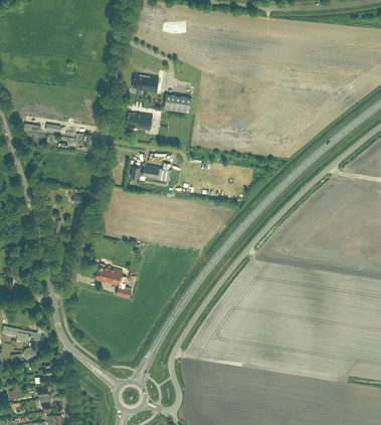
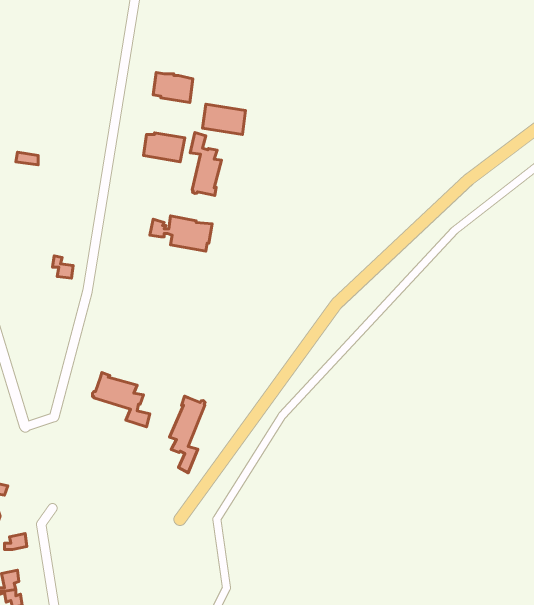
building: none -> [190,133,221,195]
building: none -> [170,396,205,473]

